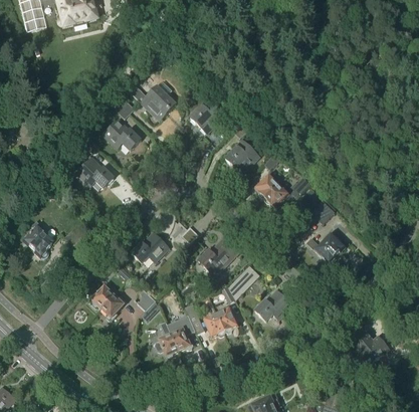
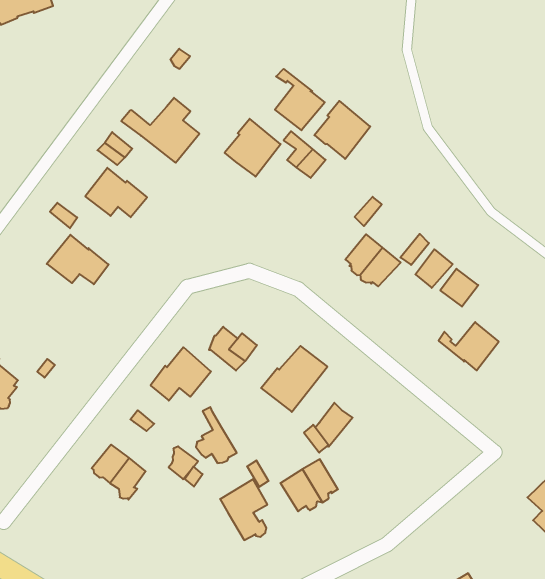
building: none -> [275,69,325,130]
building: [225,139,259,174] -> [314,101,370,159]
building: [255,289,292,321] -> none
building: [155,322,179,356] -> [196,407,237,463]

